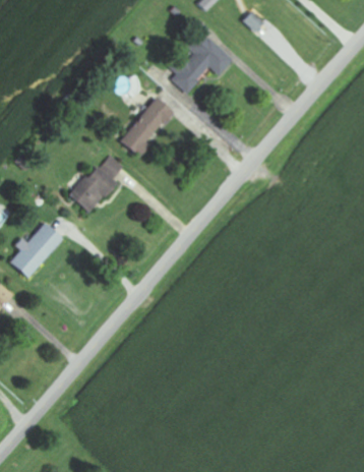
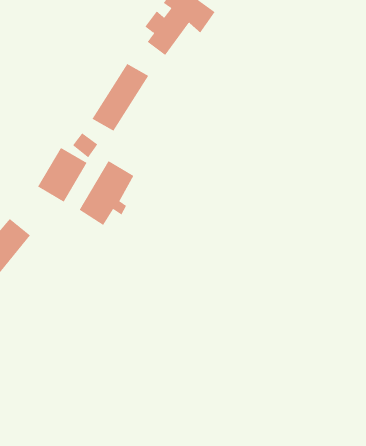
building: none -> [79,160,134,226]

